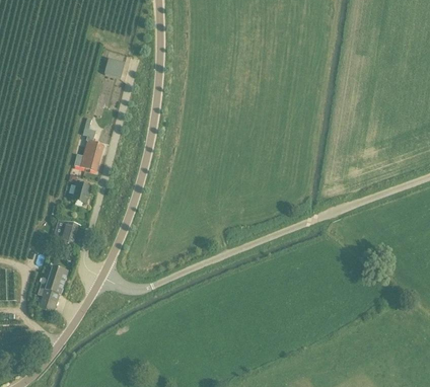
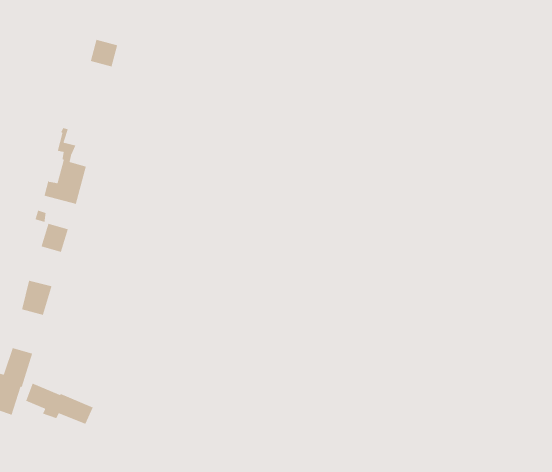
building: none -> [25,383,94,425]

